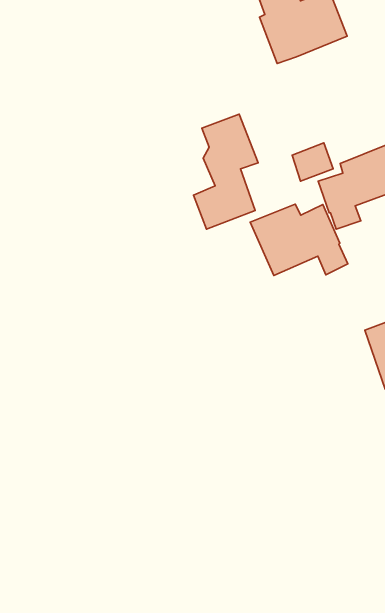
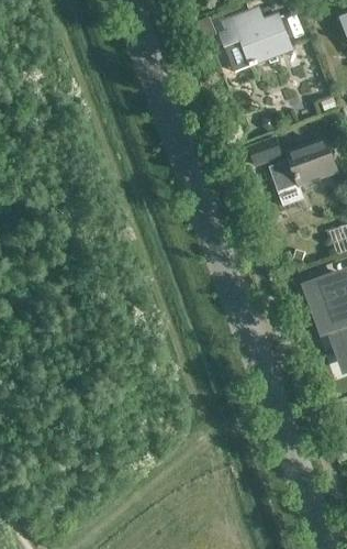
building: [194,114,258,229] -> none
building: [250,204,348,276] -> none

